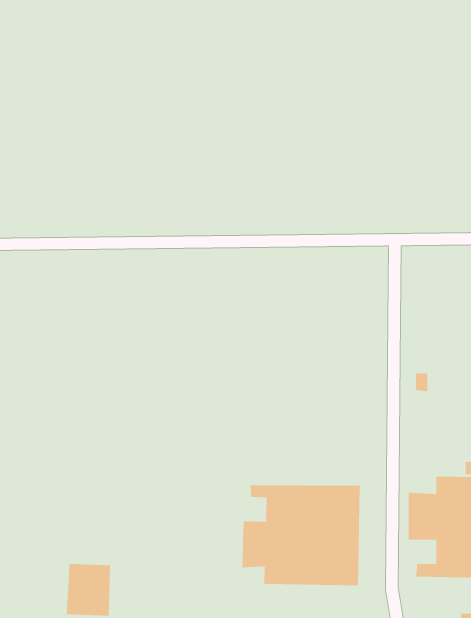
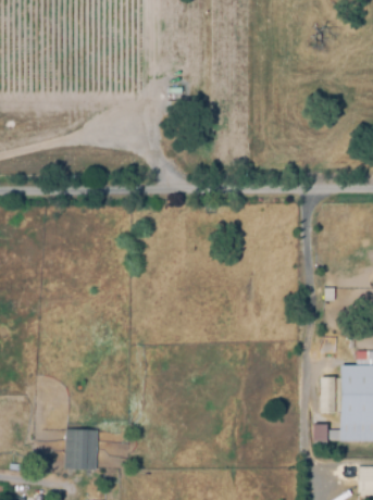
building: [242,485,360,586] -> none

